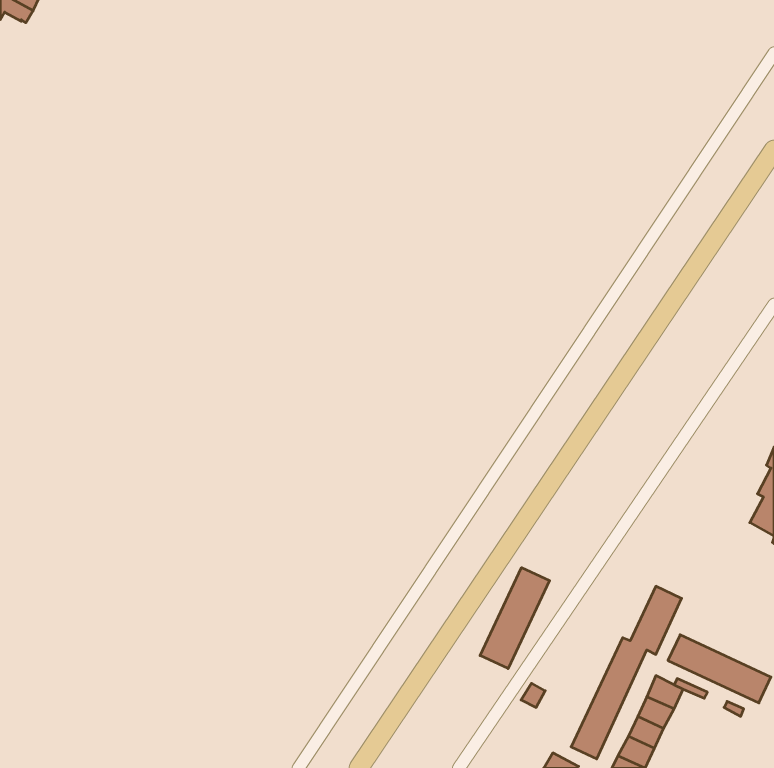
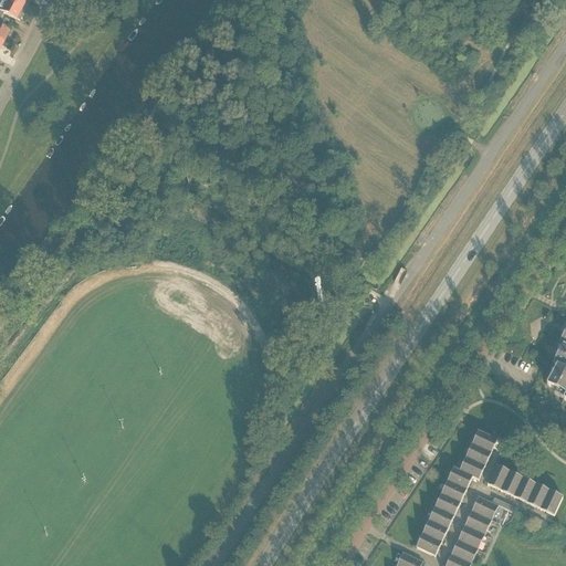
building: [480,568,550,669] -> none

